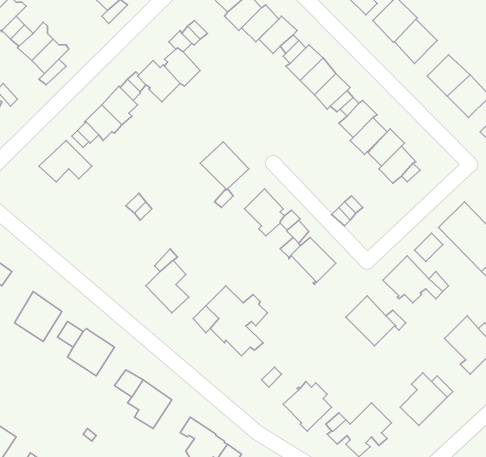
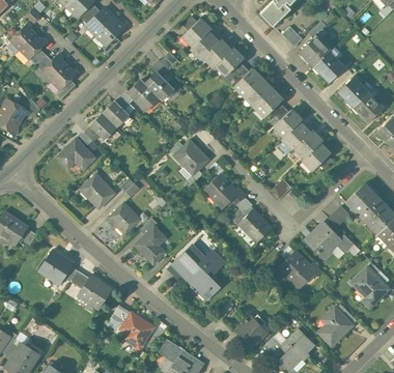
building: none -> [80,174,114,208]
building: none -> [108,203,140,234]

